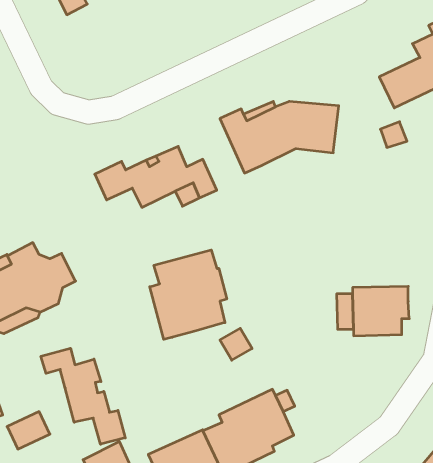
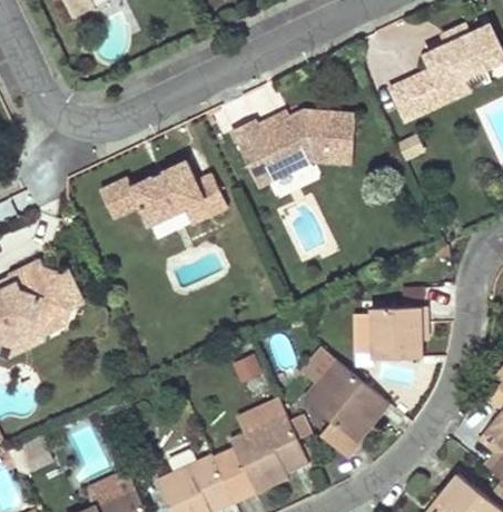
building: [150,250,227,339] -> none
building: none -> [302,347,387,456]
building: [41,348,125,444] -> none

